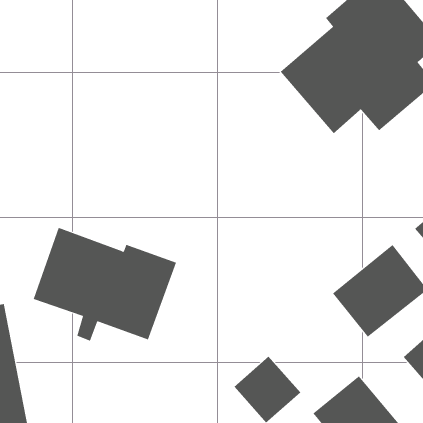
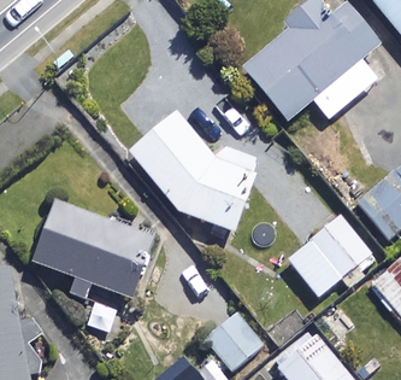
building: none -> [130,112,253,232]

